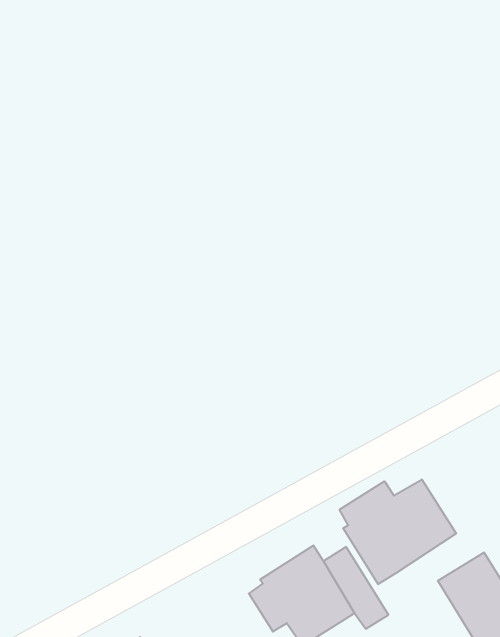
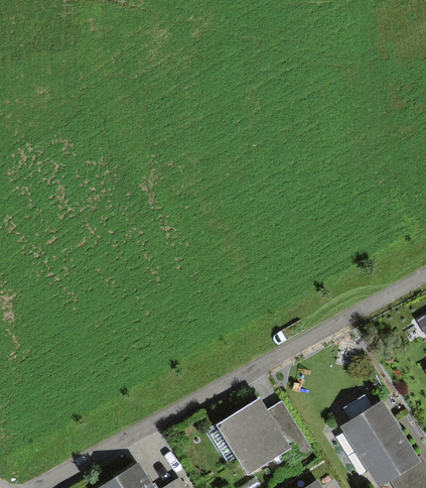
building: [340,479,456,584] -> none

